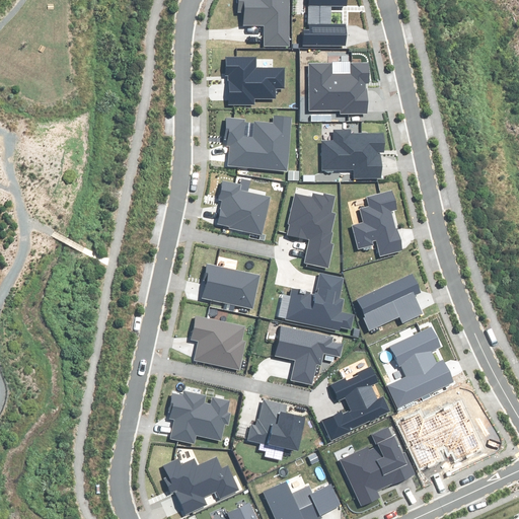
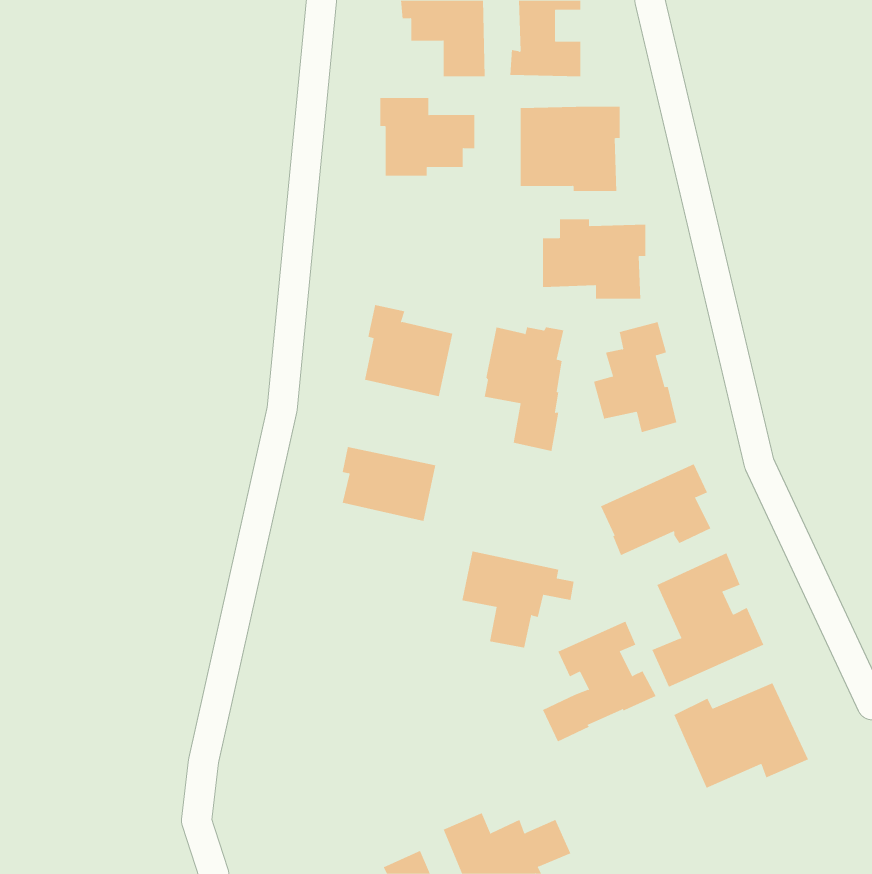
building: [223,116,290,171] -> none
building: [286,274,352,329] -> none
building: [191,316,245,370] -> none
building: [167,391,230,444] -> none
building: [247,399,304,451] -> none
building: [340,429,414,507] -> none
building: [163,458,237,514] -> none

